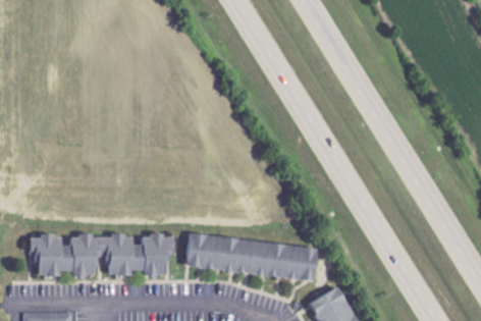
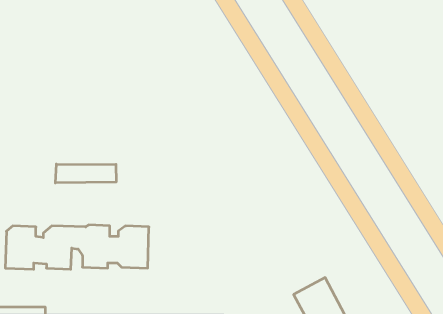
building: none -> [55,164,116,183]
building: [186,234,318,280] -> none

